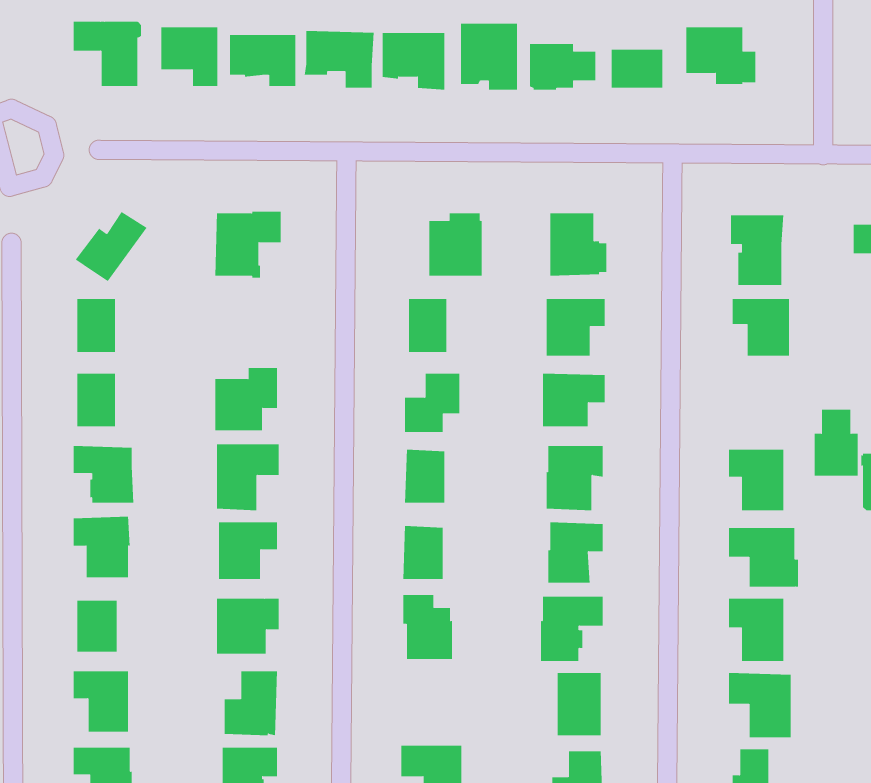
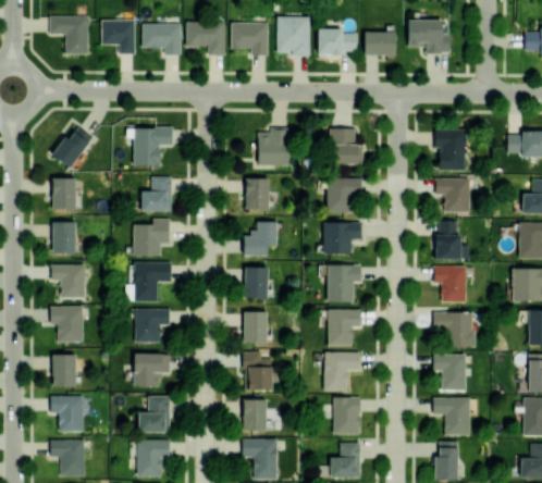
building: none -> [141,177,172,211]
building: [814,409,859,476] -> [434,221,460,260]
building: none -> [243,399,267,432]

